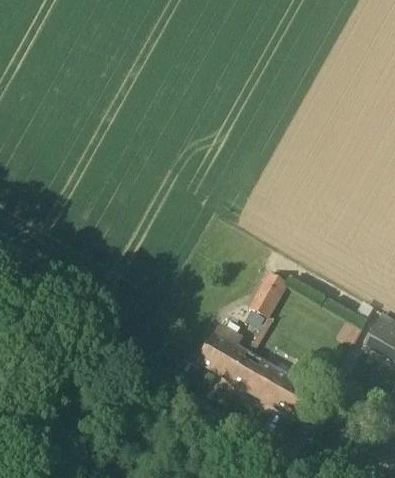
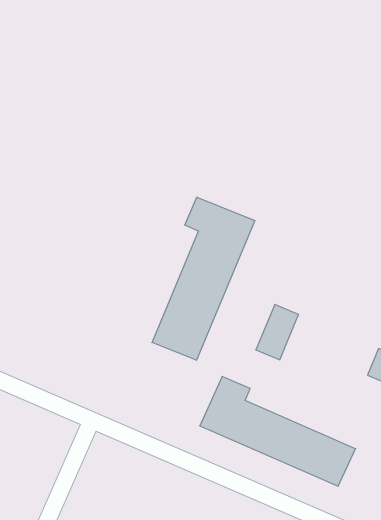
building: none -> [152,197,255,360]

